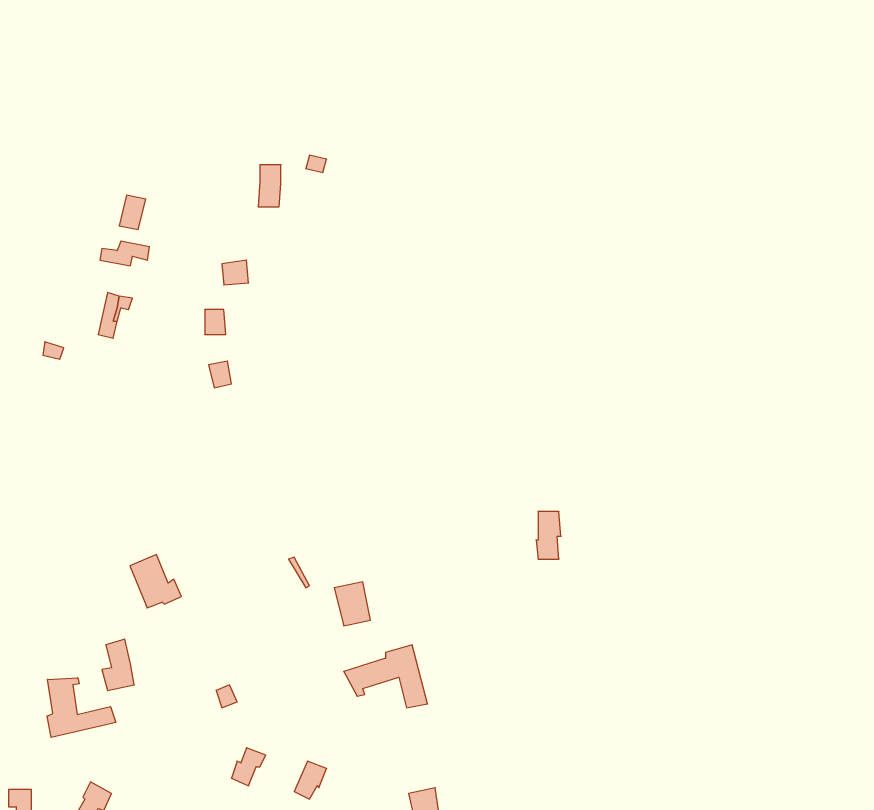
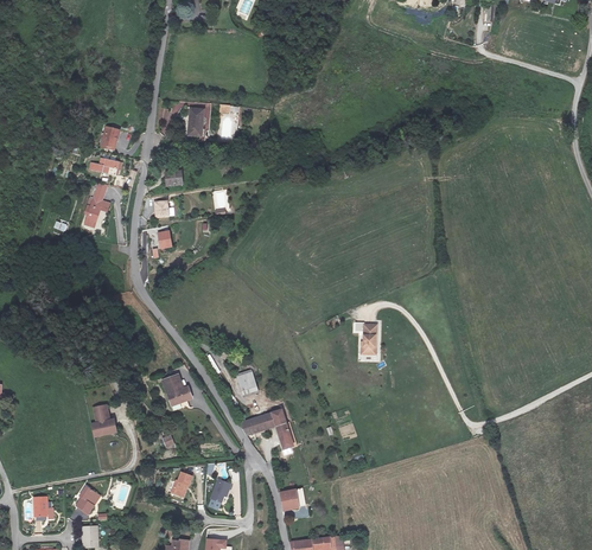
building: [130,555,181,608] -> [161,373,193,407]
building: [47,678,116,737] -> none

